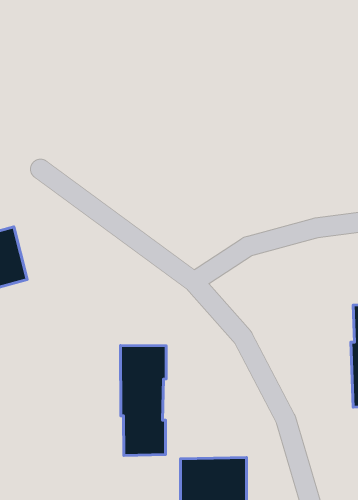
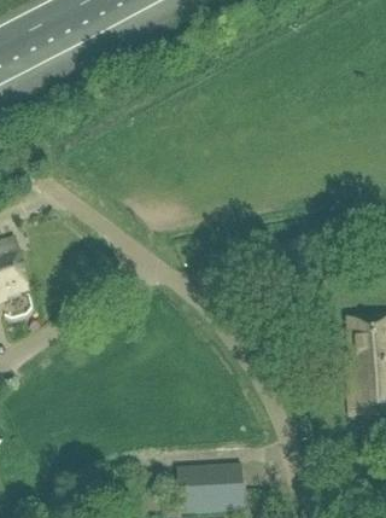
building: [121,346,166,456] -> none

